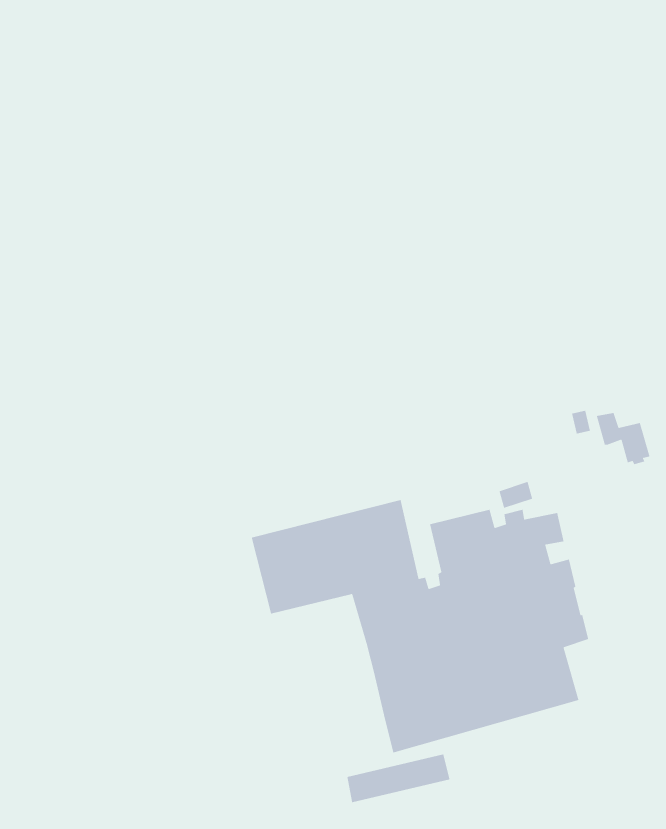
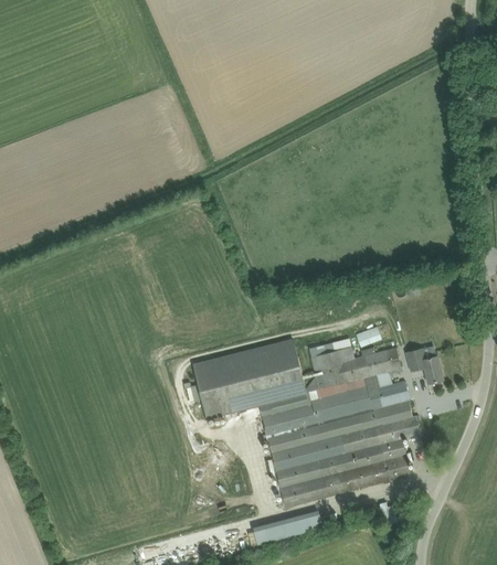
building: [596,412,650,465] -> [408,349,444,384]

